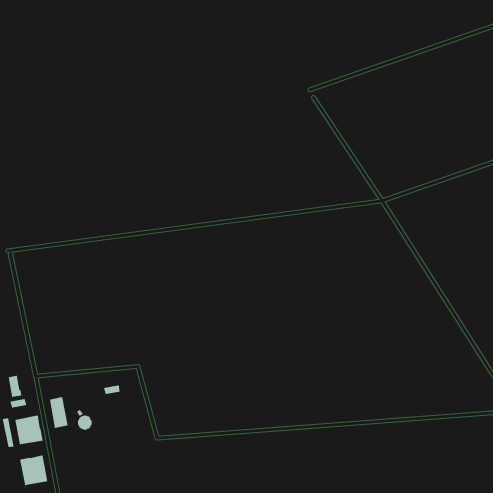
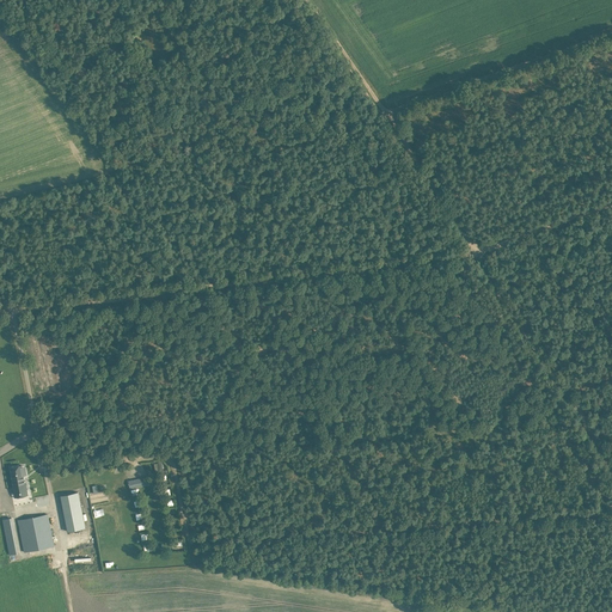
building: [19,455,48,486] -> none

